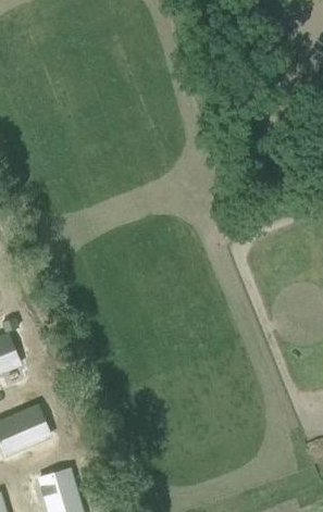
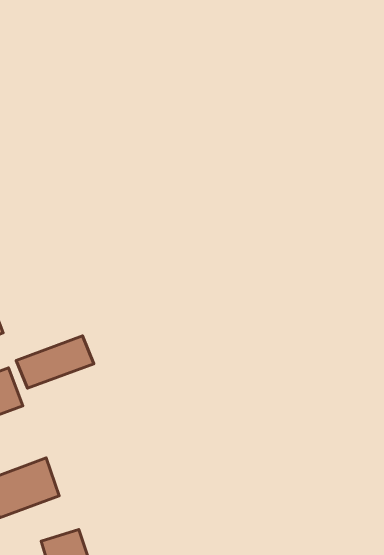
building: none -> [16,336,94,388]

